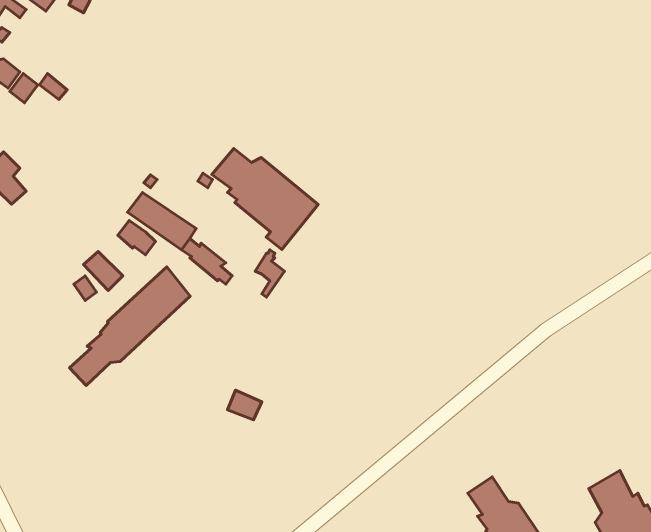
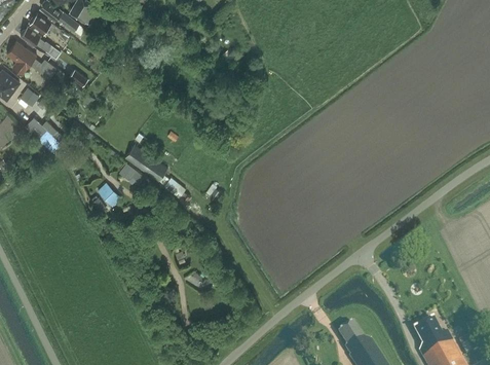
building: [212,149,318,249] -> none
building: [70,267,190,385] -> none

